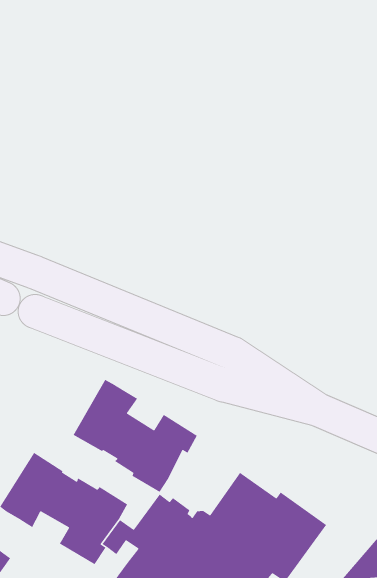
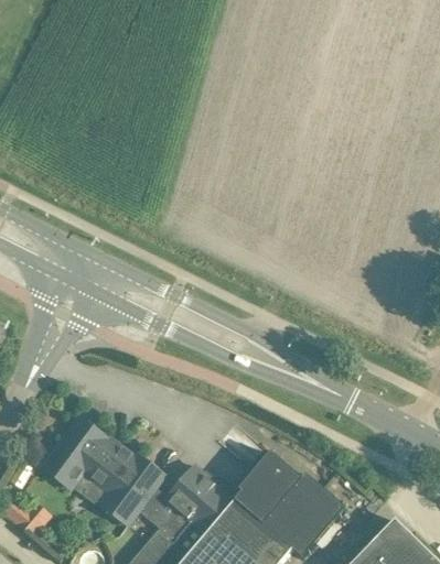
building: [72,379,198,493] -> none

